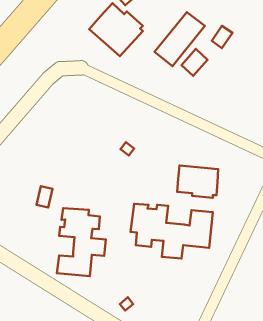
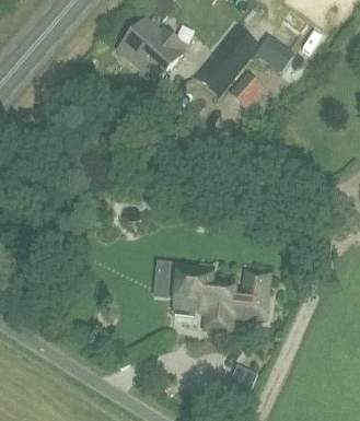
building: [177,165,218,198] -> none
building: [57,208,106,276] -> none

